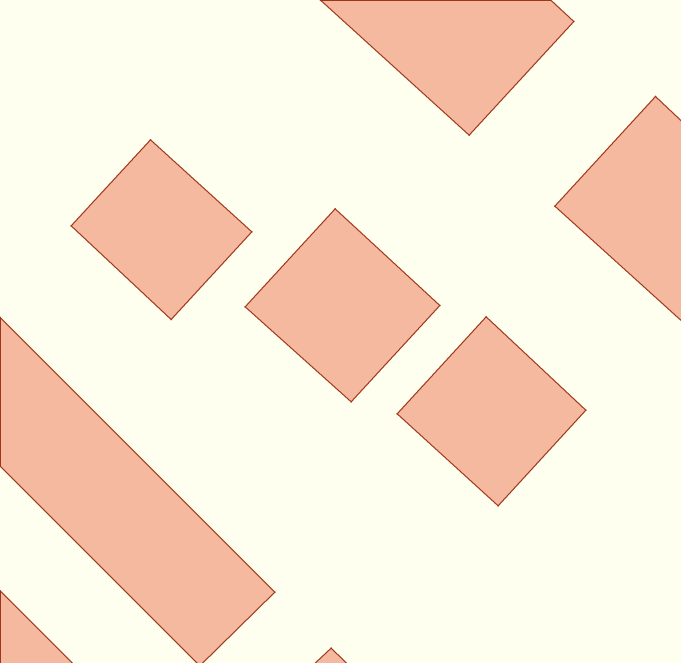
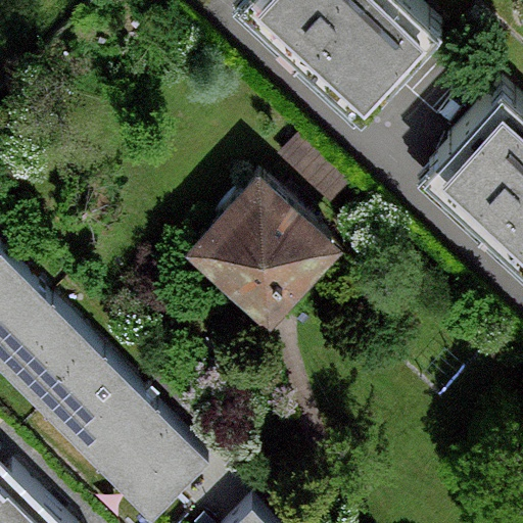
building: [71,140,252,320] -> none
building: [397,317,586,506] -> none

